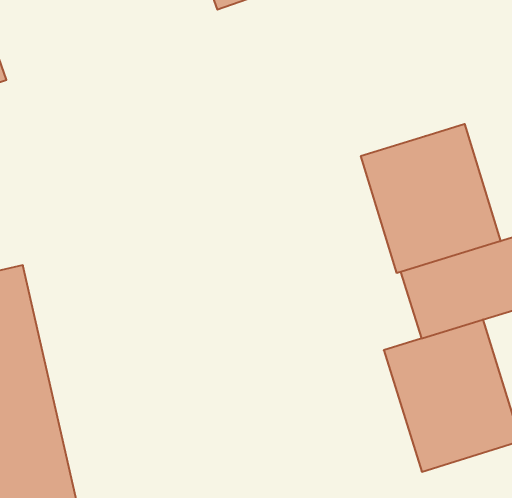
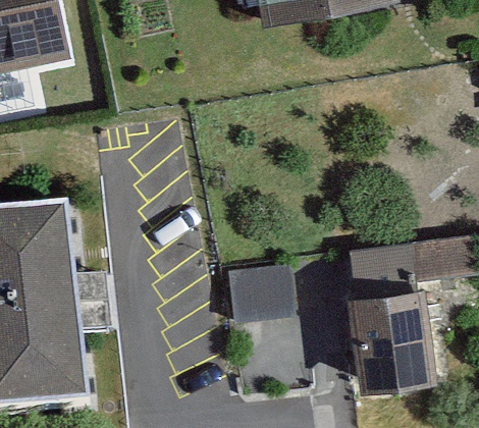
building: [361,124,501,273] -> none
building: none -> [232,262,301,314]

